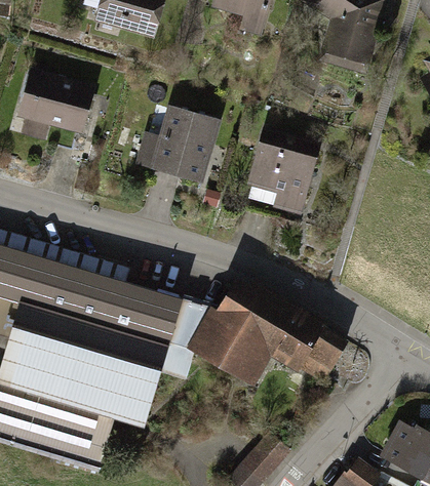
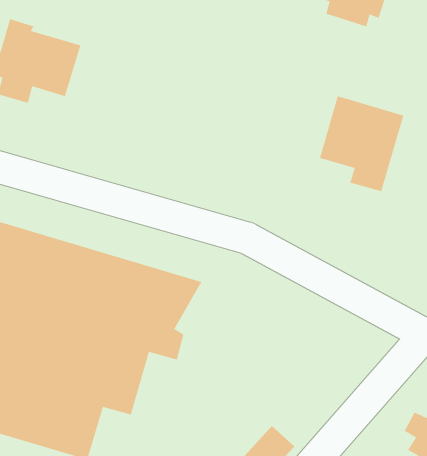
building: [135,104,219,185] -> none
building: [242,126,320,214] -> [319,95,404,192]
building: [182,274,351,388] -> none

